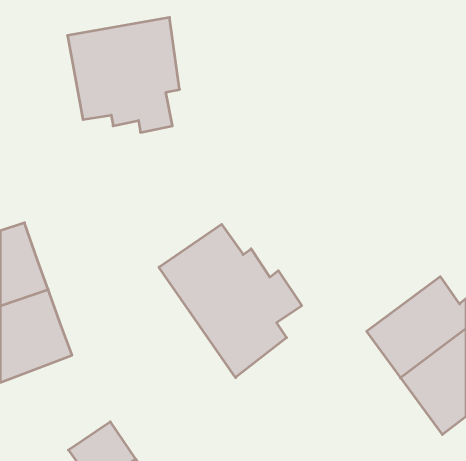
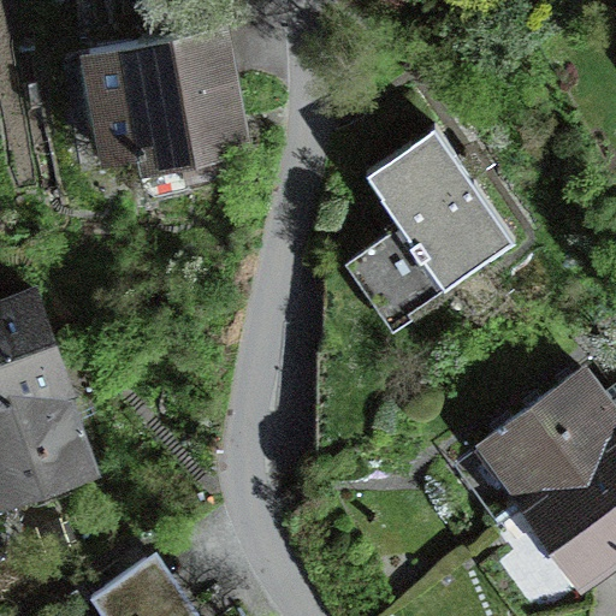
building: none -> [350,130,513,326]
building: [159,224,302,378] -> none

